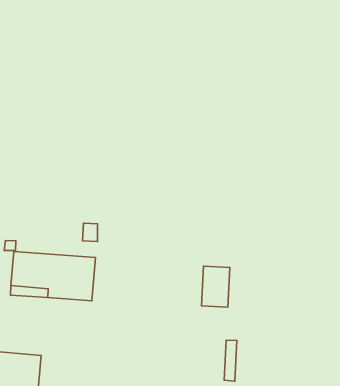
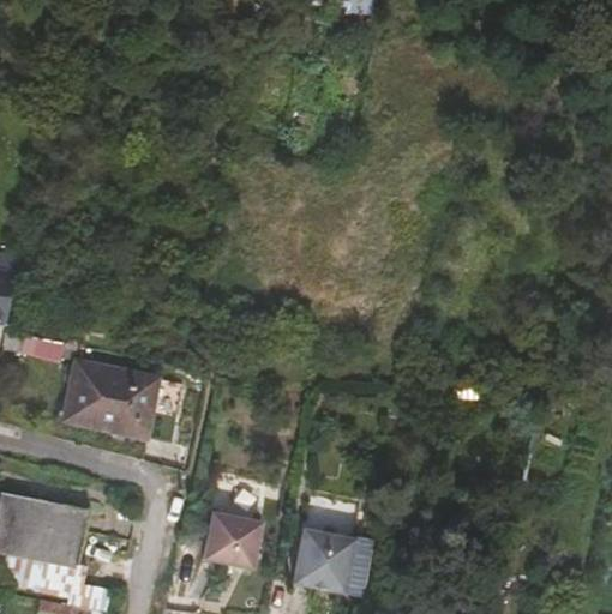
building: [201,266,230,307] -> [296,520,343,582]
building: none -> [205,504,264,560]

